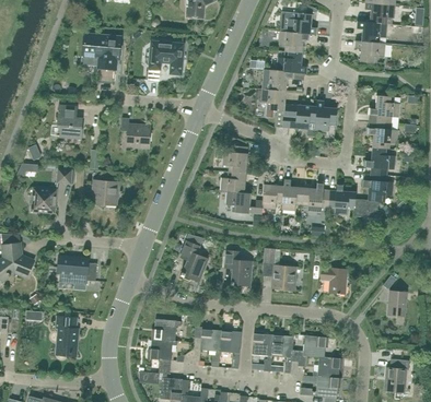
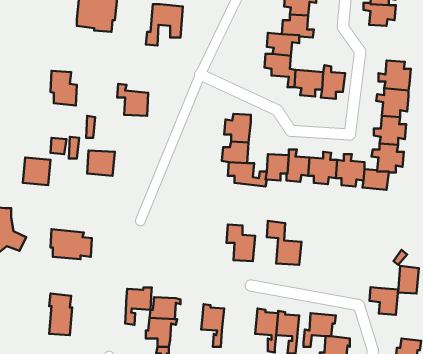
building: [179,234,208,282] -> none
building: [319,267,347,293] -> [370,287,398,315]
building: none -> [125,288,152,325]
building: [220,328,242,368] -> none

